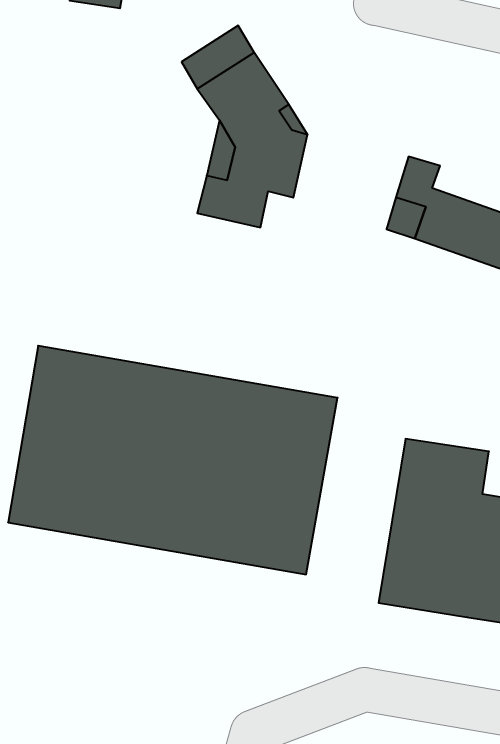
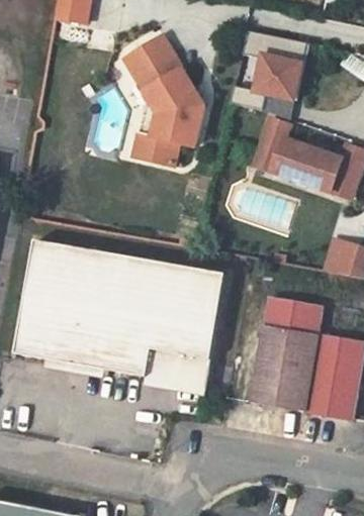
building: none -> [255,56,296,96]

